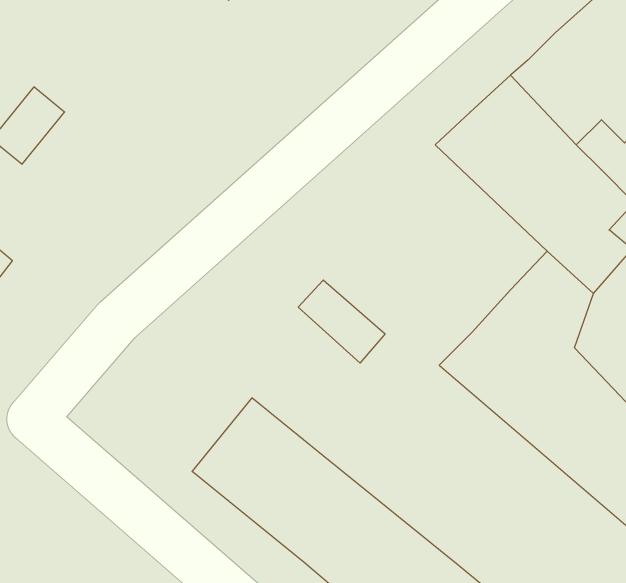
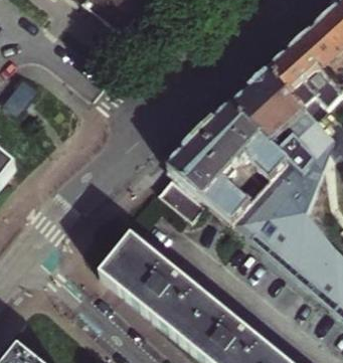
building: none -> [168,104,291,218]

